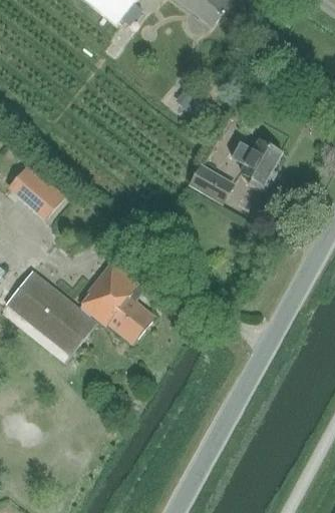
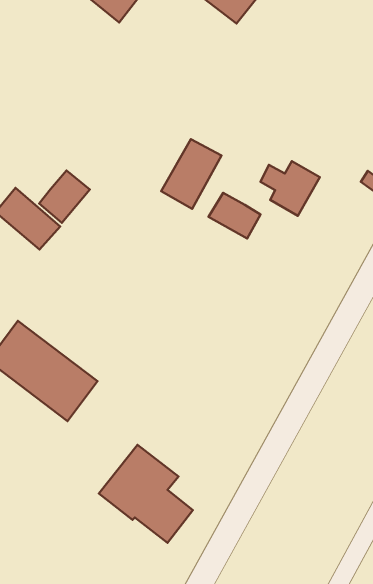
building: none -> [161,139,222,209]
building: none -> [39,171,90,223]
building: [78,263,156,344] -> [99,445,193,543]

